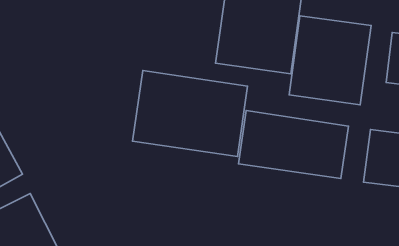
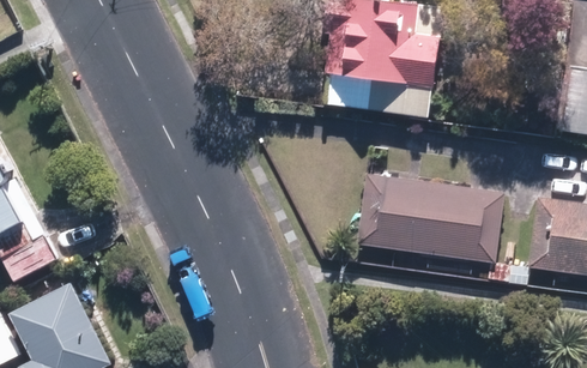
building: [289,16,371,105] -> none
building: [132,71,248,157] -> none

